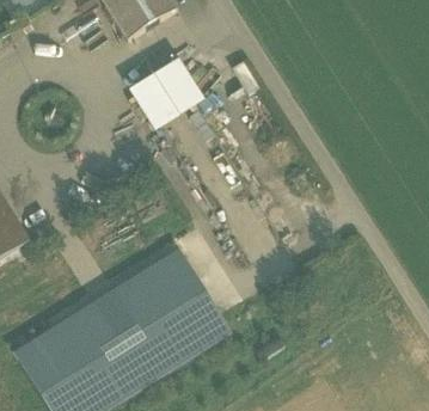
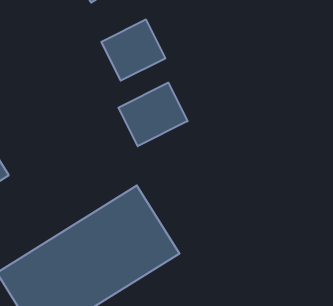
building: none -> [118,83,188,146]

